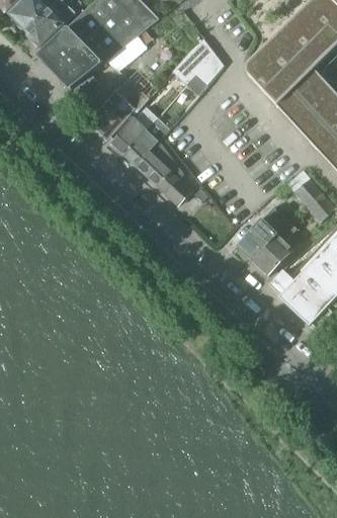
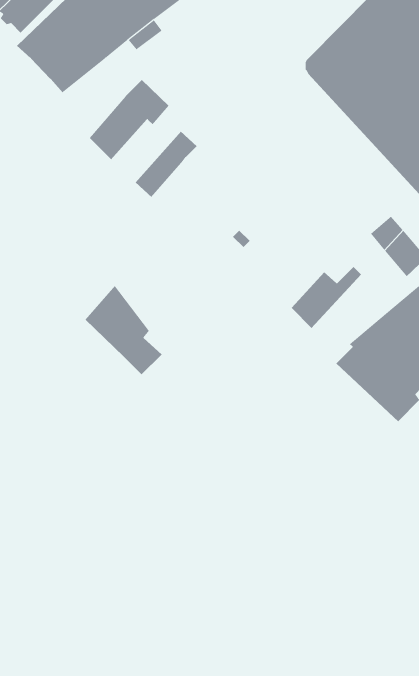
building: [171,37,222,93] -> none
building: [109,105,156,153] -> none
building: [135,139,191,204] -> [84,285,162,375]
building: [251,220,294,274] -> none

